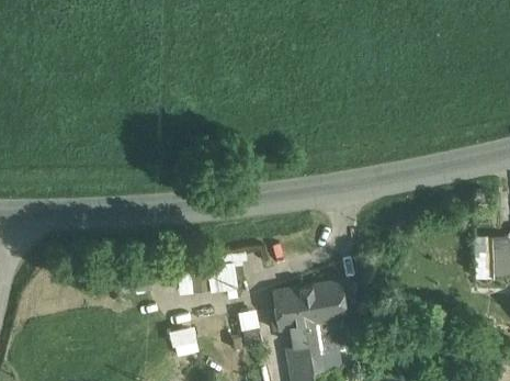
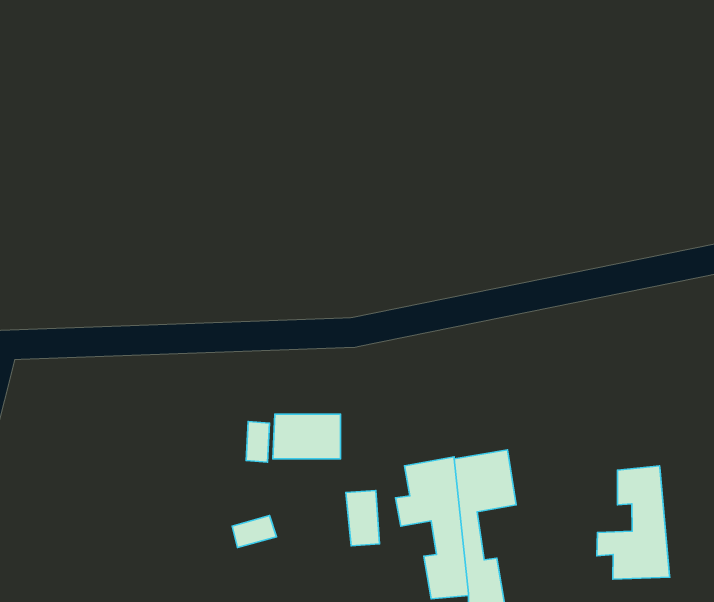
building: none -> [597,466,670,579]

